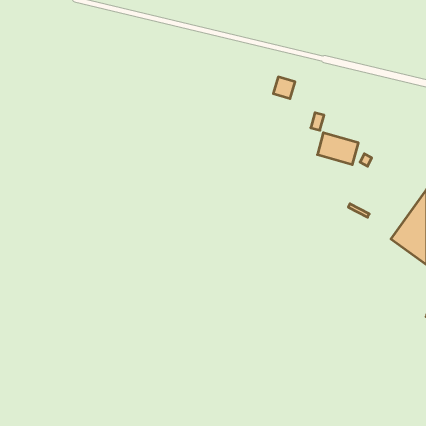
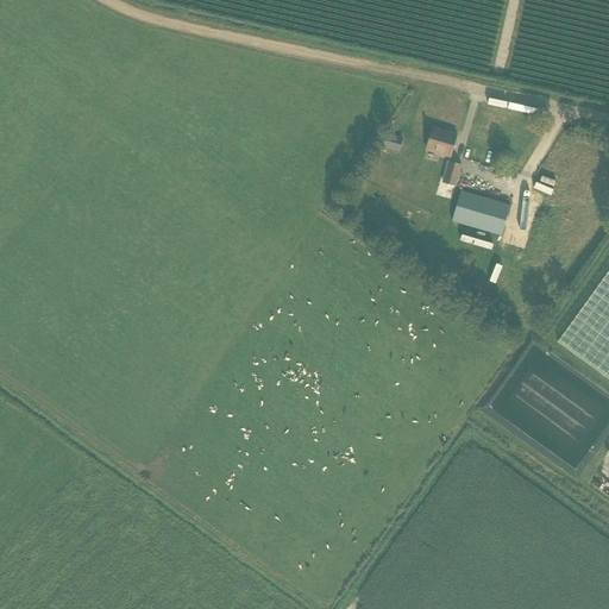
building: [273,77,295,99] -> [427,126,458,157]

